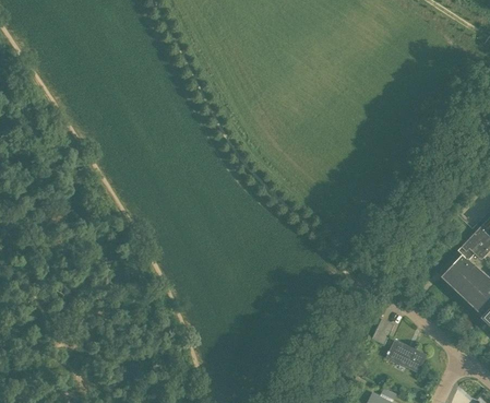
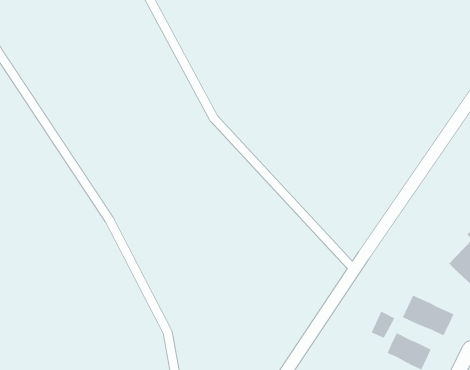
building: none -> [402,295,454,336]

